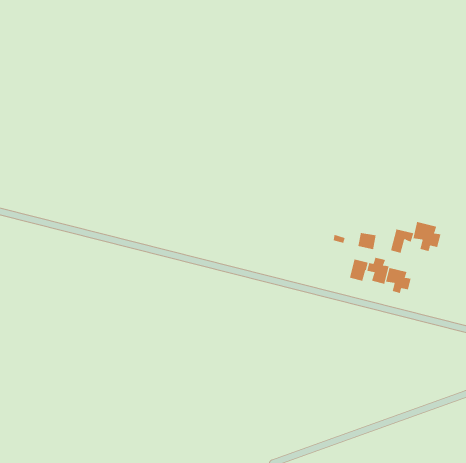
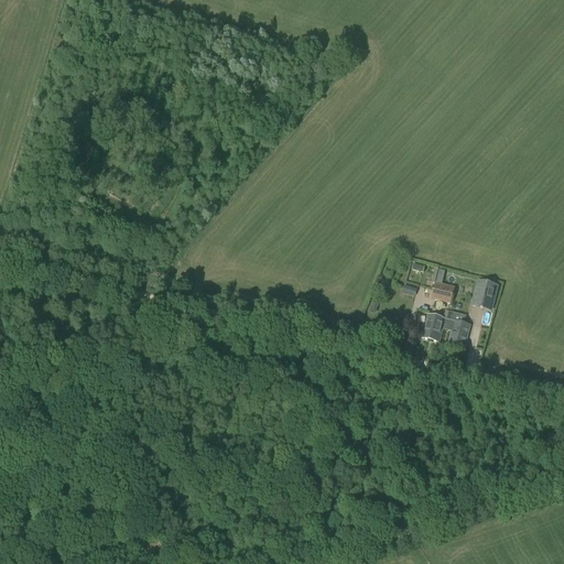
building: [413,221,441,252] -> none
building: [386,267,411,294] -> none

